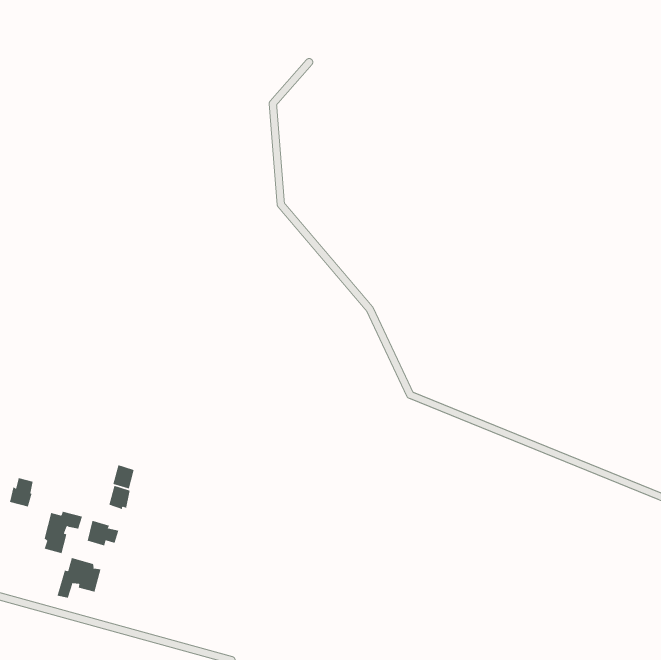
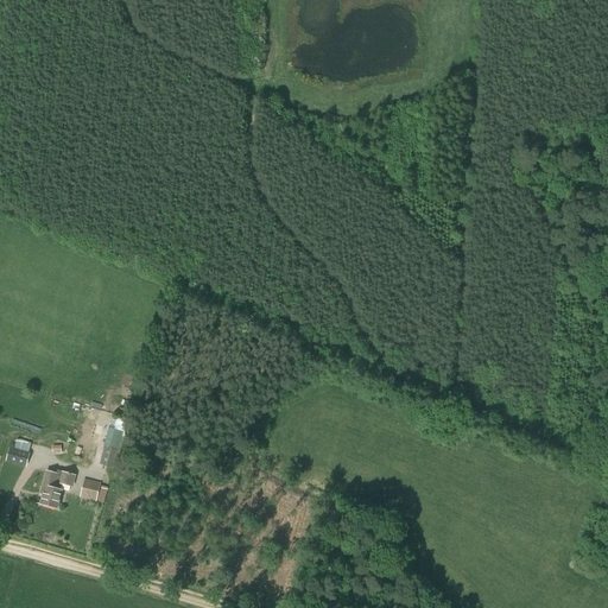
building: [57,557,101,599] -> none

